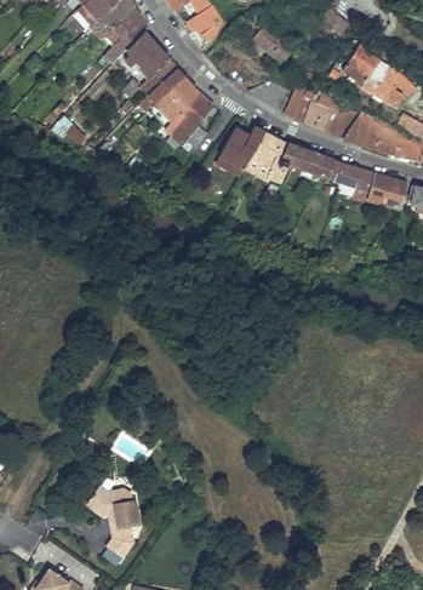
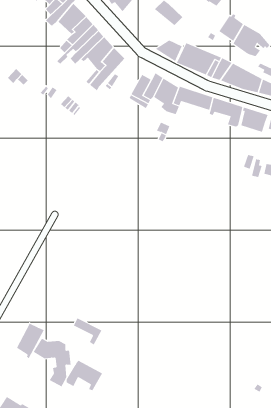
building: none -> [73,318,102,345]
building: none -> [16,323,45,359]
building: none -> [66,360,103,391]

